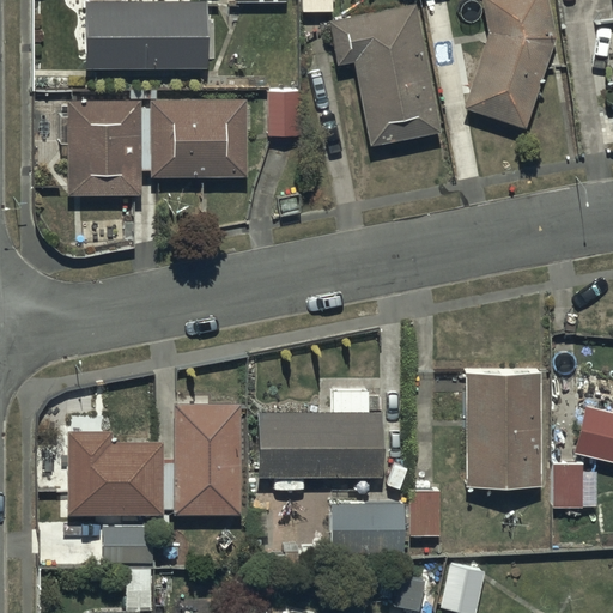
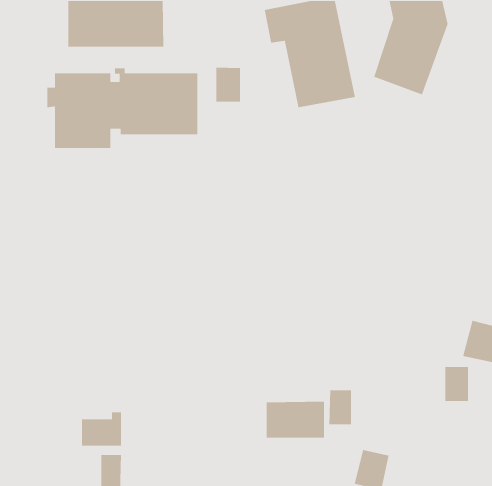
building: [467,372,540,485] -> none
building: [259,392,382,479] -> none
building: [67,403,241,515] -> none

